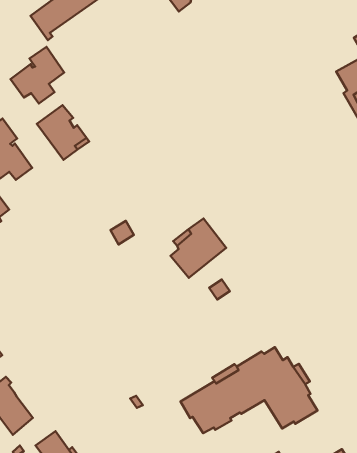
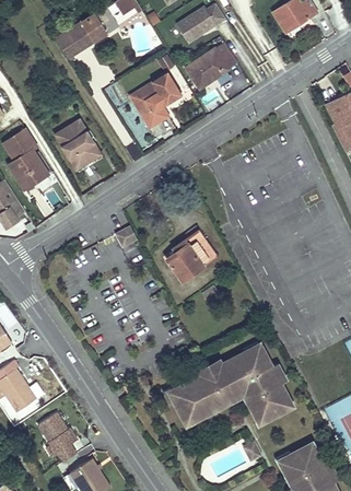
building: none -> [188,44,238,87]
building: [10,47,64,103] -> none
building: none -> [131,73,182,128]

